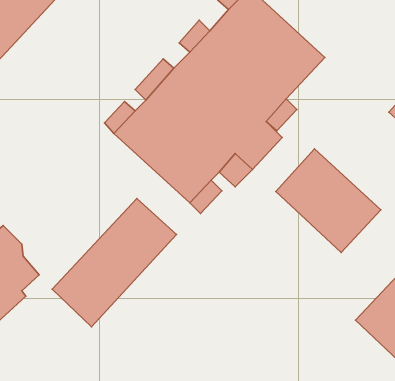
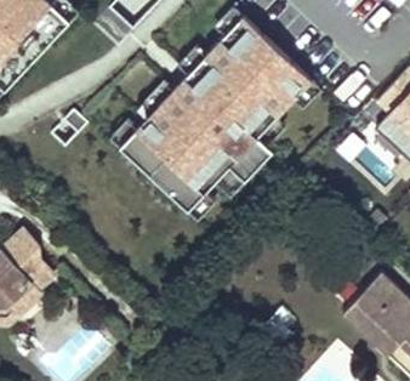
building: [276,149,381,252] -> none
building: [52,198,176,327] -> none

